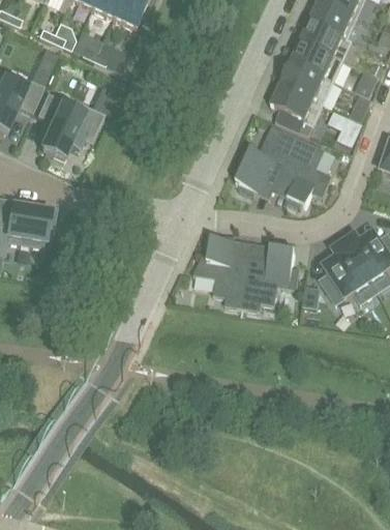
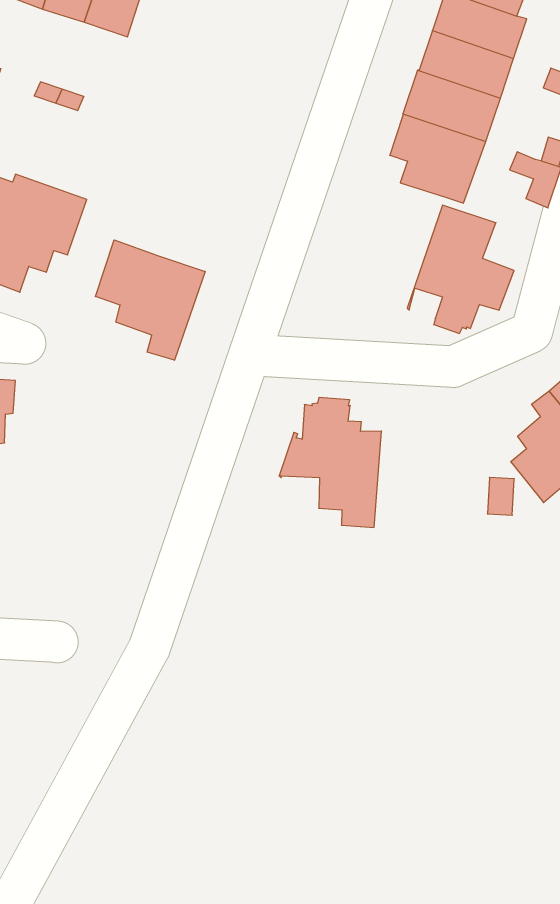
building: [235,128,296,195] -> none
building: none -> [95,240,205,360]
building: [241,241,299,310] -> none

